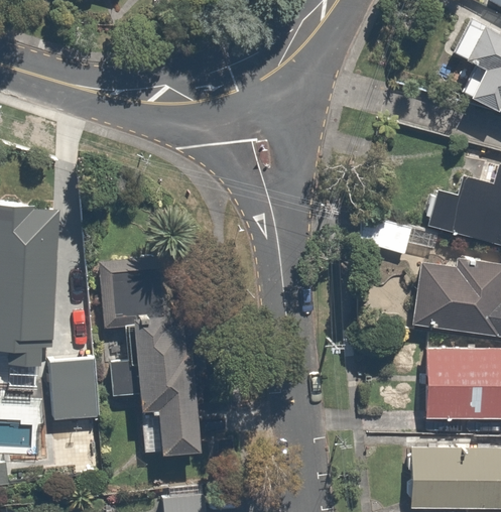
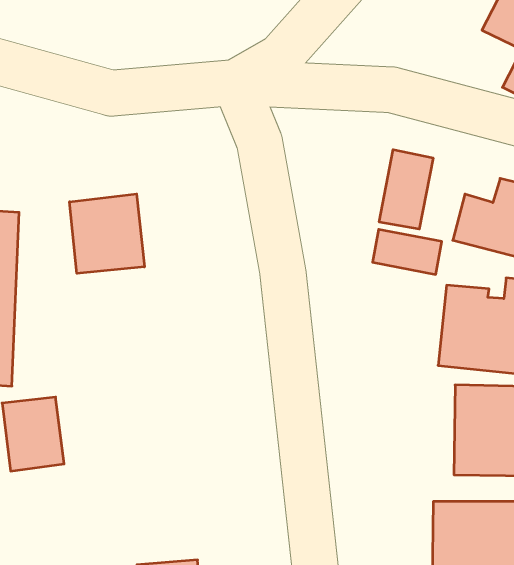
building: none -> [379,150,433,229]
building: none -> [70,194,144,273]
building: [96,253,202,451] -> none

